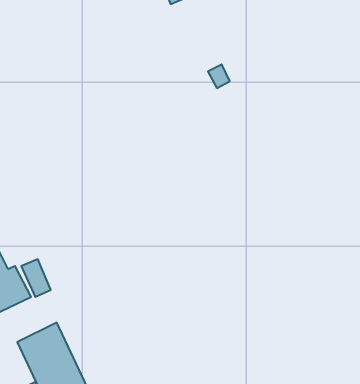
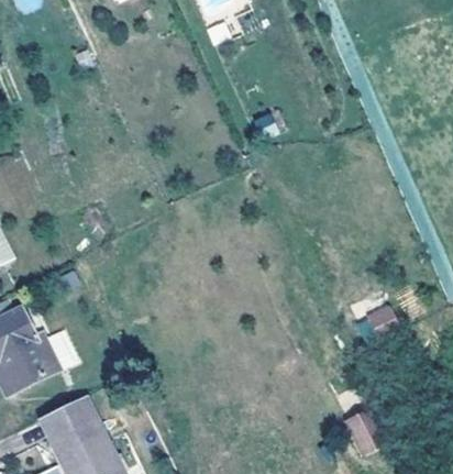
building: none -> [355,300,401,345]
building: none -> [344,407,386,454]

